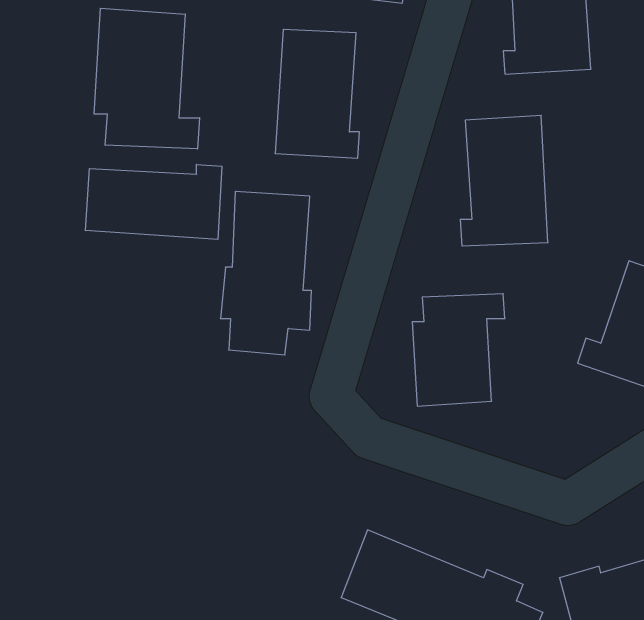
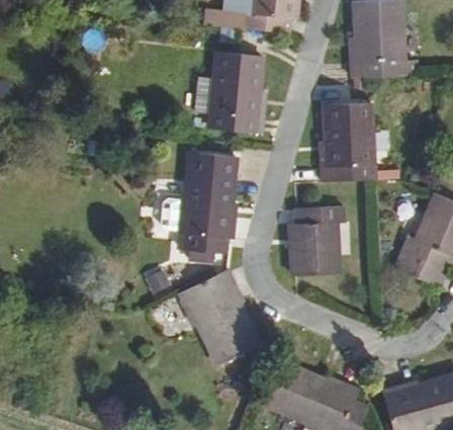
building: [94,8,200,149] -> none
building: [85,164,222,239] -> none
building: none -> [178,271,259,367]

